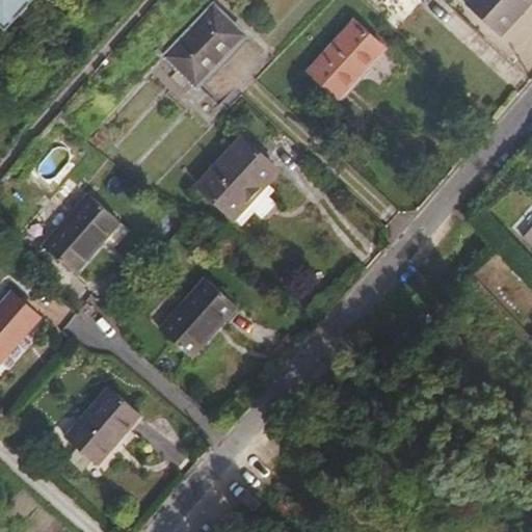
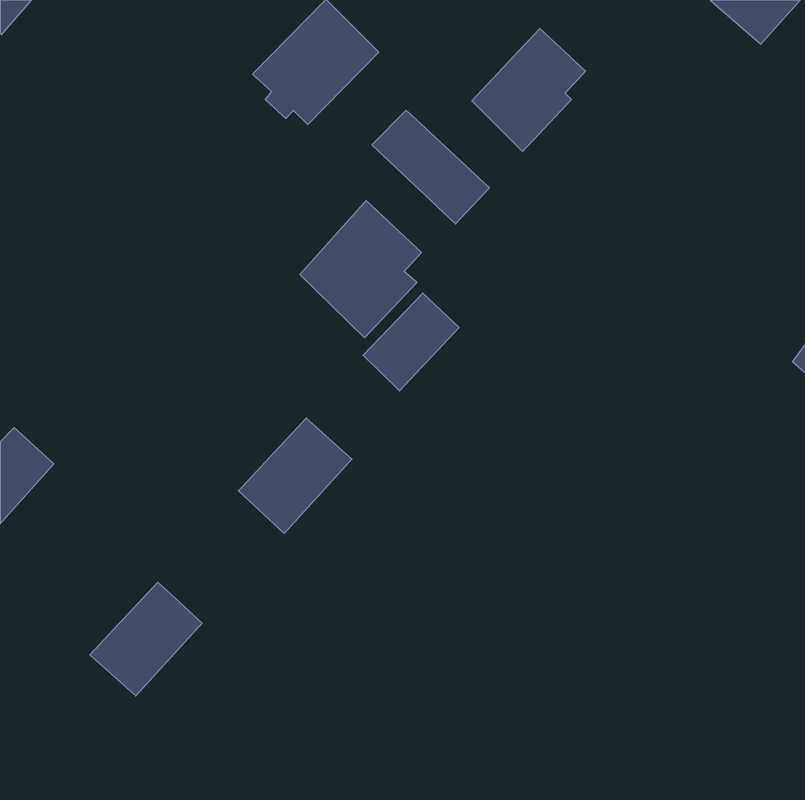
building: none -> [372,110,489,224]
building: [42,192,117,269] -> none
building: none -> [363,293,459,391]

